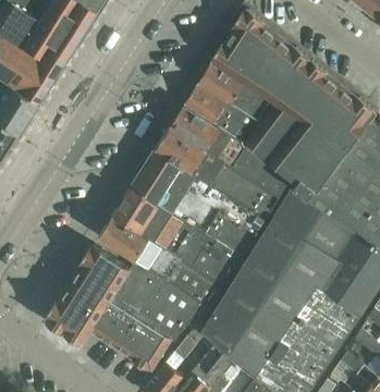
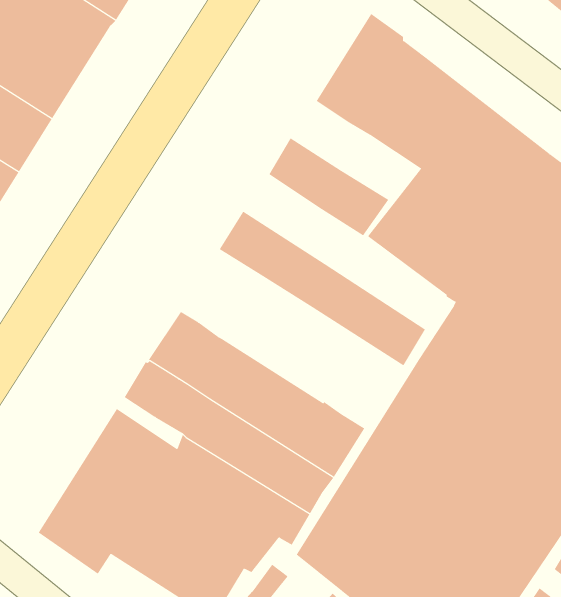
building: [199,61,277,122] -> none
building: [171,105,291,198] -> none
building: [133,149,268,256] -> none

